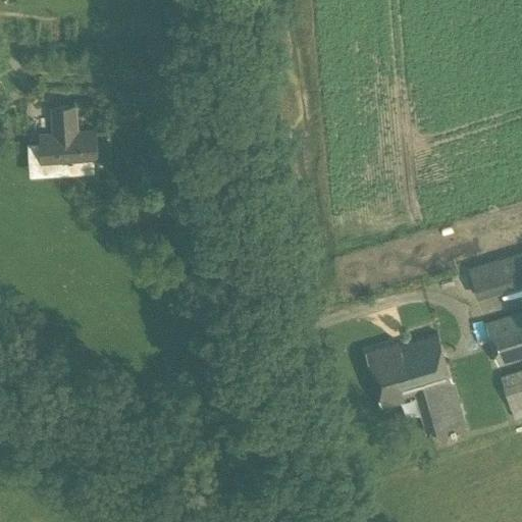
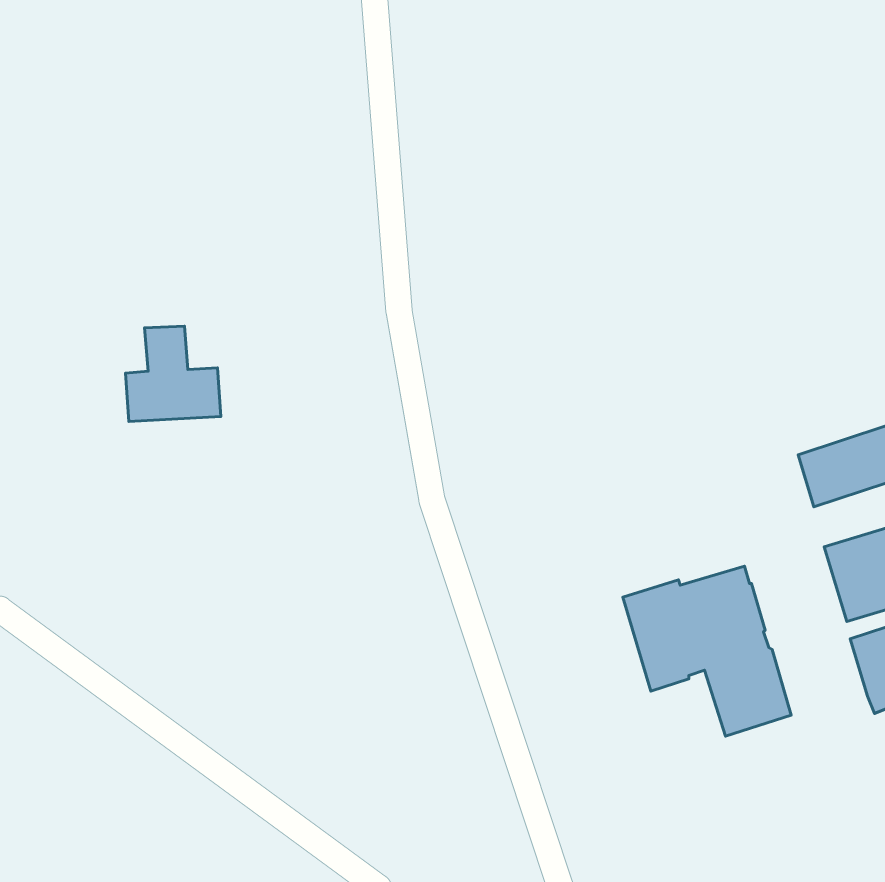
building: [42,108,98,164] -> [125,326,221,422]

